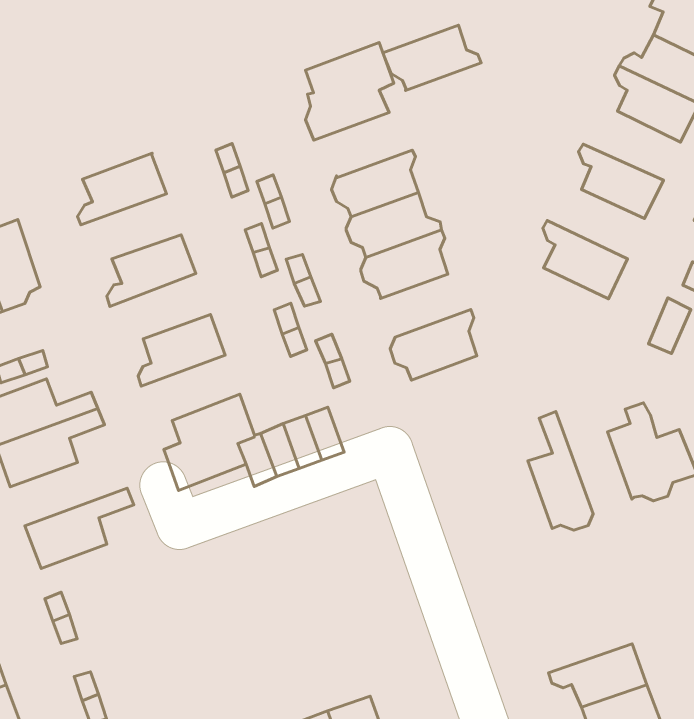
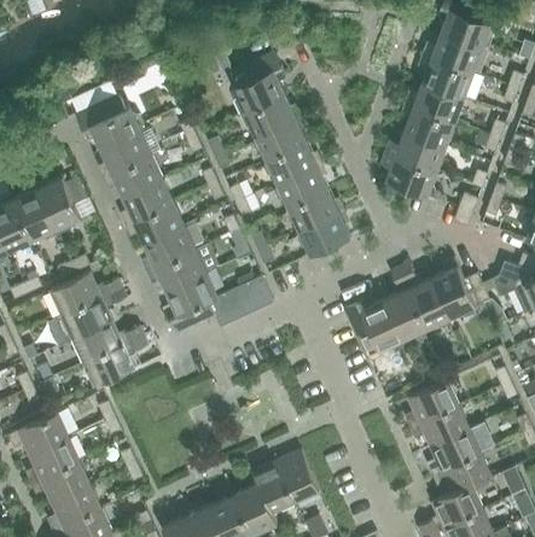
building: [383,25,481,91] -> [240,94,301,136]
building: none -> [76,94,146,150]
building: none -> [405,82,464,122]
building: none -> [386,132,446,171]
building: none -> [103,154,164,197]
building: none -> [124,202,186,244]
building: none -> [286,189,344,230]
building: none -> [147,250,208,292]
building: none -> [401,263,452,328]
building: none -> [344,297,405,352]
building: none -> [72,322,144,363]
building: none -> [407,380,459,427]

